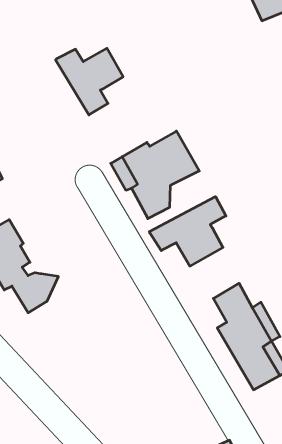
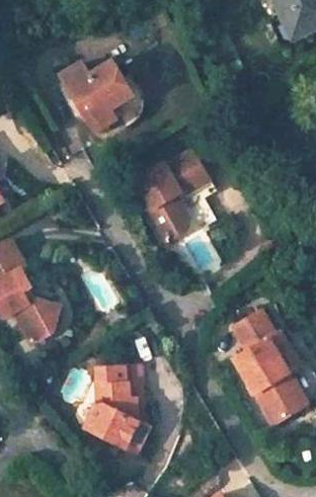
building: [149,197,226,266] -> none
building: none -> [80,364,149,458]

